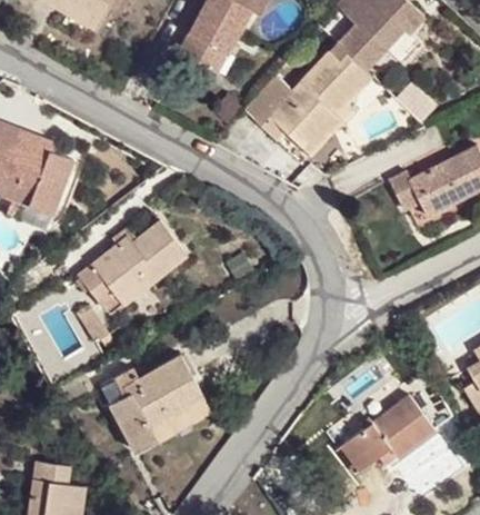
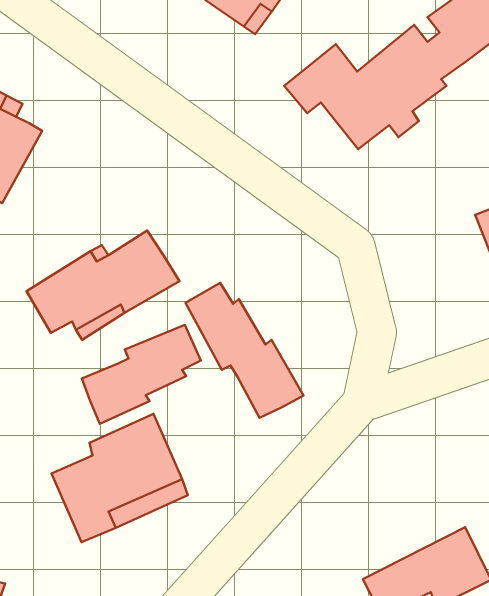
building: none -> [186,283,304,418]
building: none -> [82,325,201,424]

